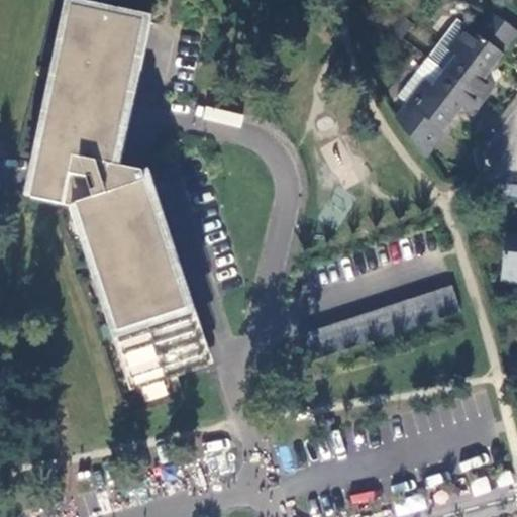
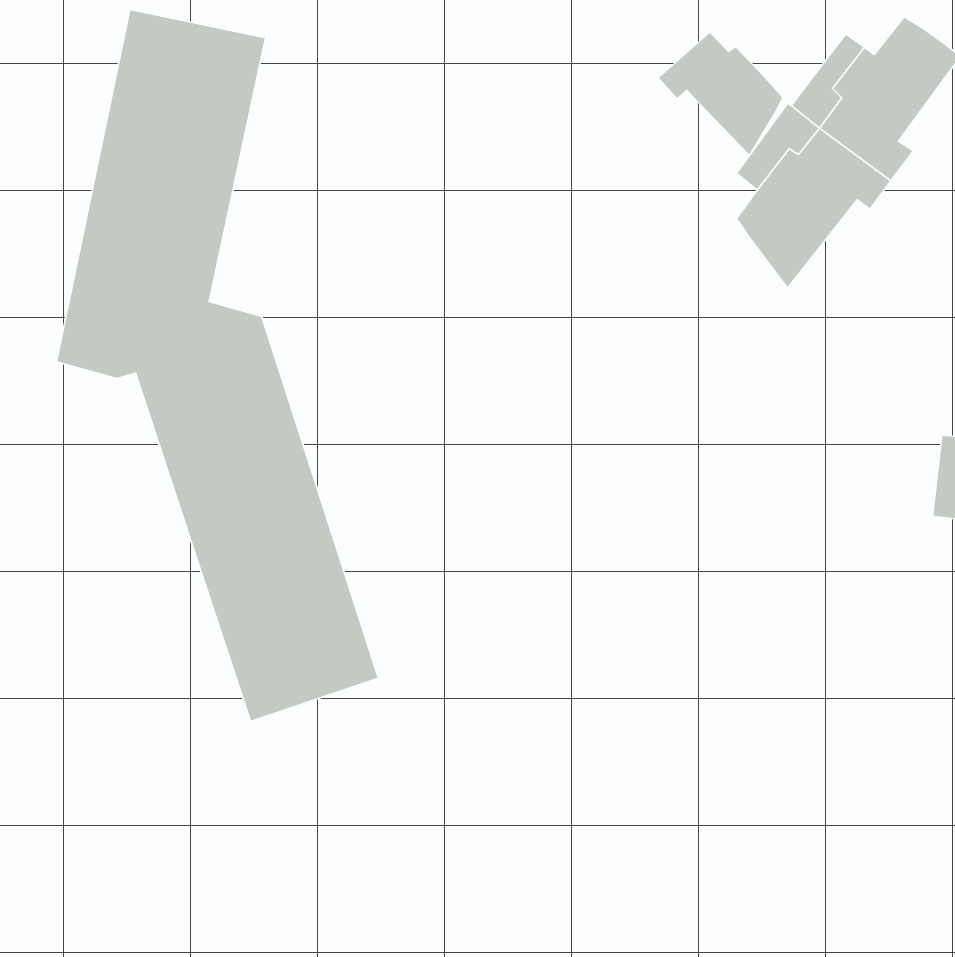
building: none -> [658,32,783,156]
building: [298,286,459,360] -> none

